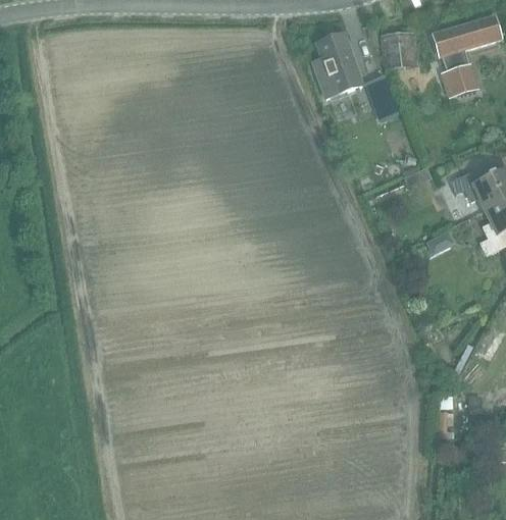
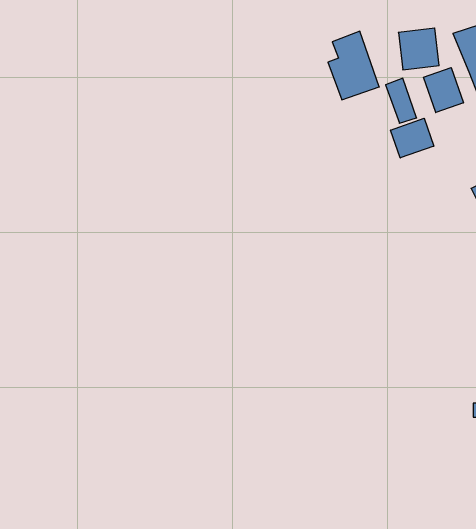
building: none -> [423,68,463,113]
building: none -> [391,118,434,158]

